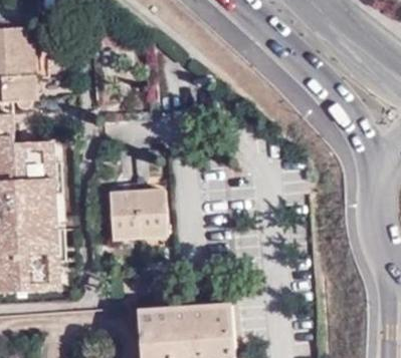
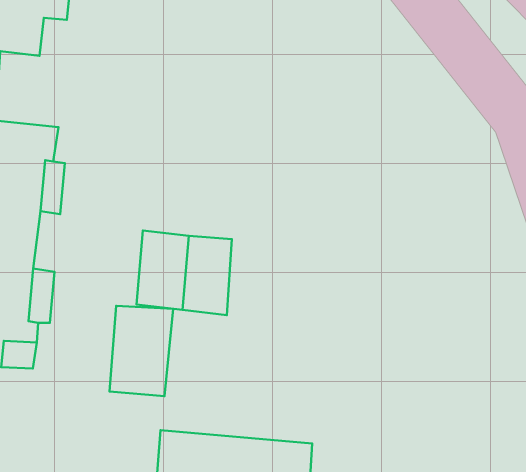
building: none -> [110,306,173,396]

